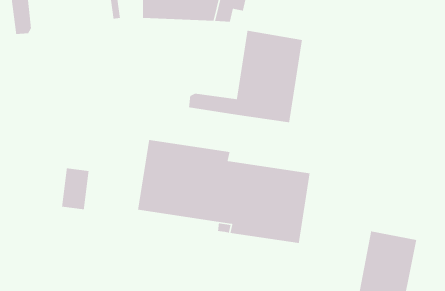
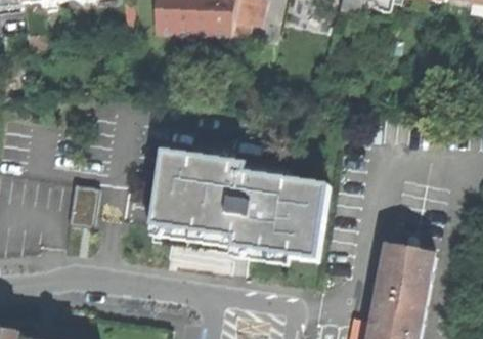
building: [188,30,303,123] -> none

